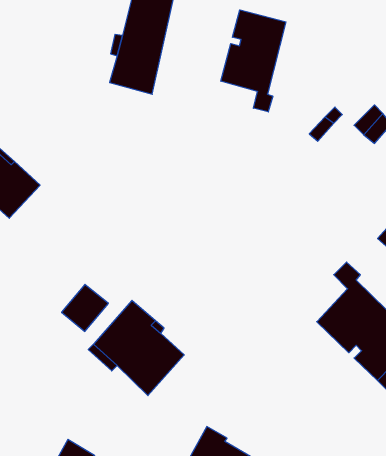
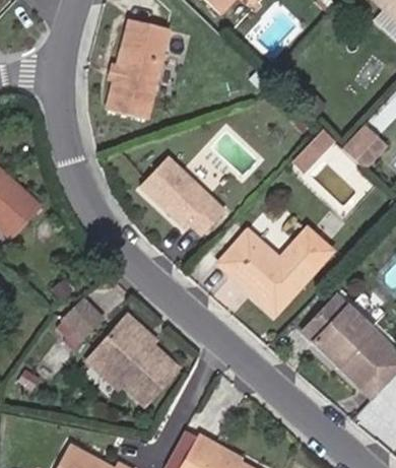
building: [221,10,286,112] -> none
building: none -> [141,156,224,233]
building: none -> [218,228,333,315]

